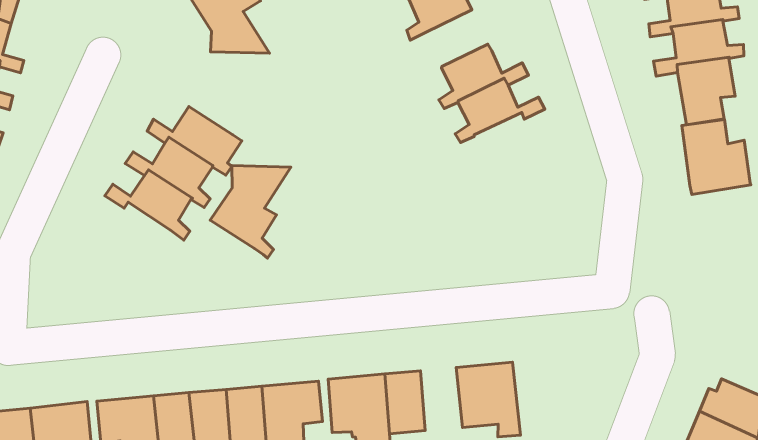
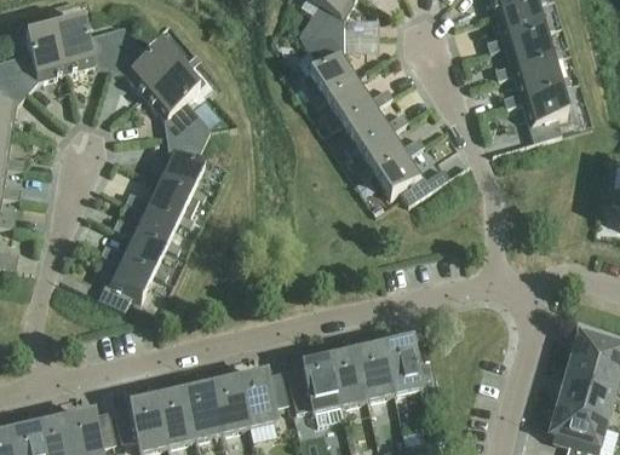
building: none -> [326,76,391,129]
building: none -> [373,149,432,205]
building: [682,120,751,194] -> none
building: [210,166,291,258] -> [154,129,209,201]
building: none -> [97,257,153,311]
building: none -> [356,349,394,399]

